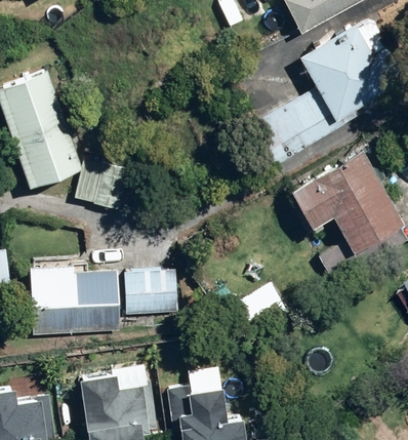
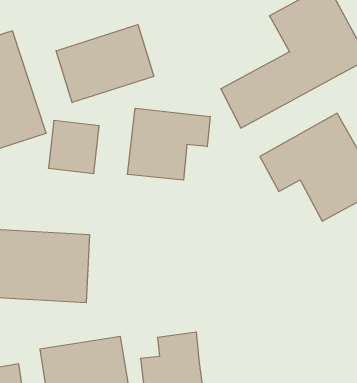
building: none -> [56,25,154,103]
building: none -> [127,108,210,180]
building: [125,268,183,313] -> none

